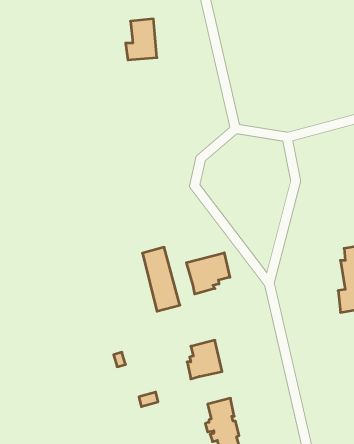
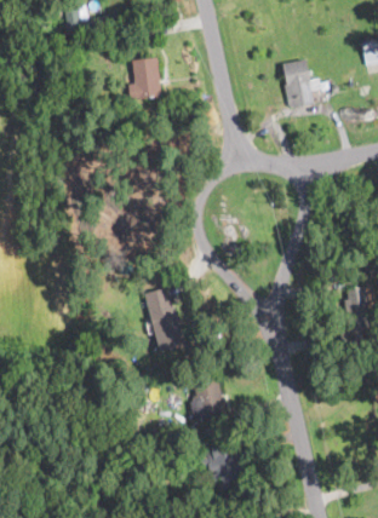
building: none -> [282,59,321,109]
building: [186,253,230,294] -> none

